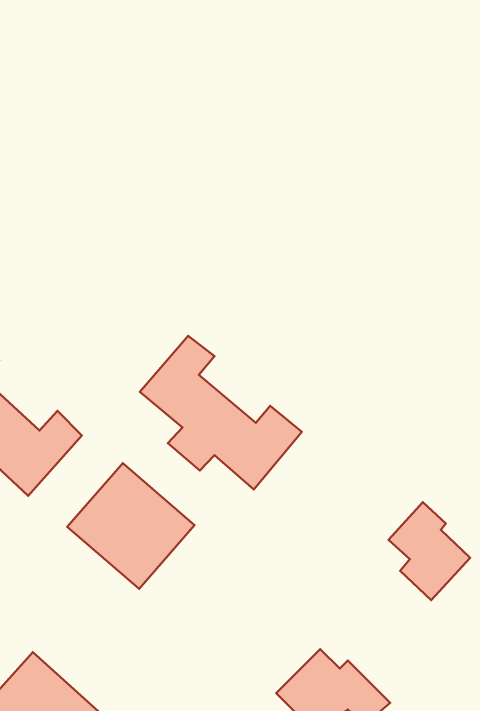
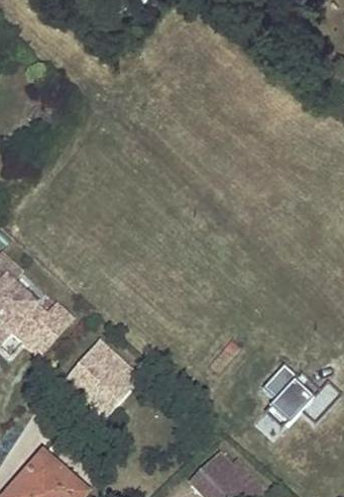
building: [140,336,302,489] -> none

